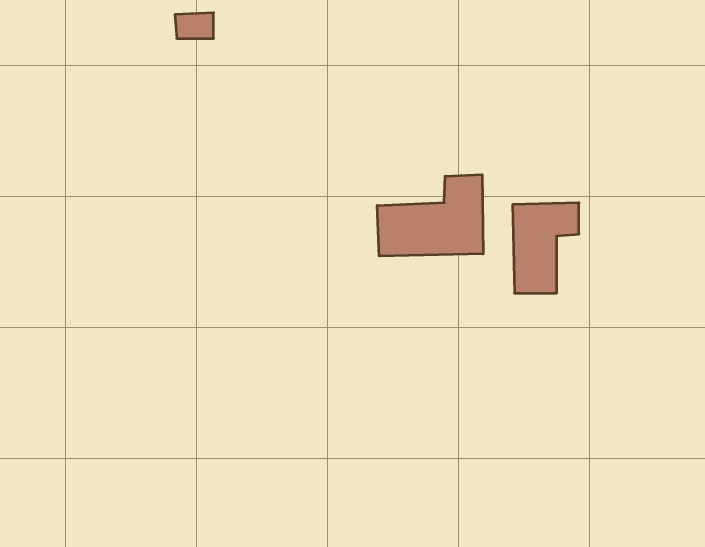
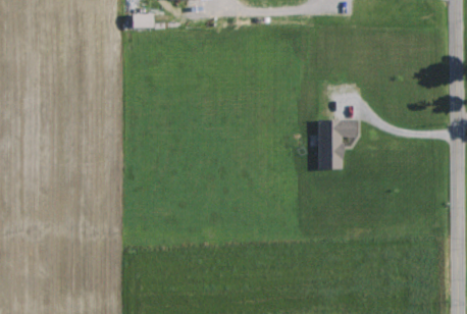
building: [377,175,483,256] -> none

